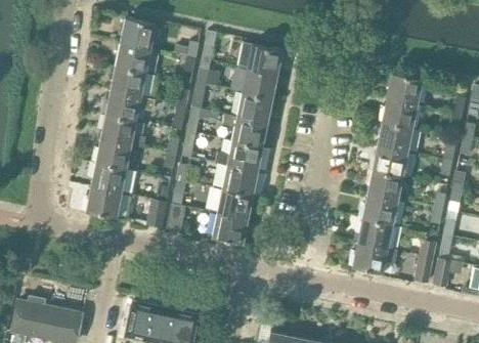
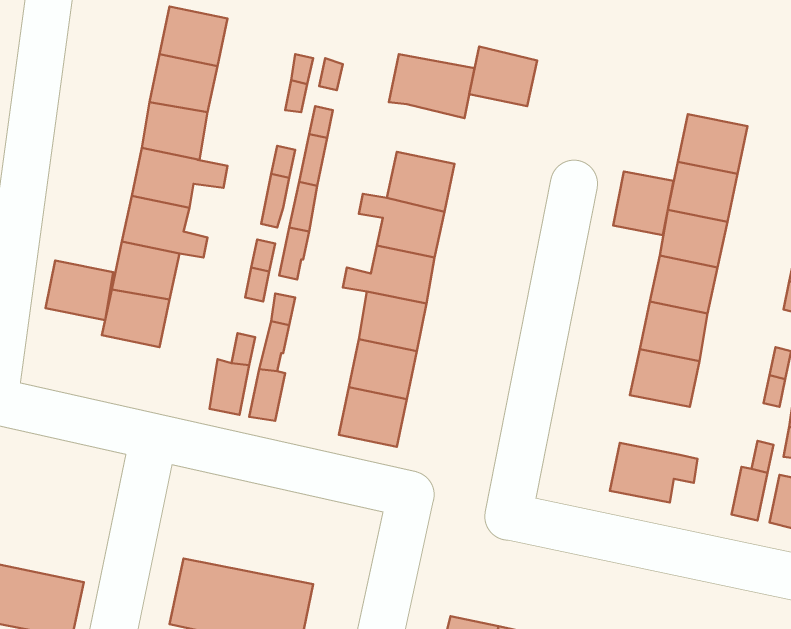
building: [243,69,277,99] -> [469,47,537,106]
building: none -> [613,171,674,235]
building: [86,187,121,218] -> [45,260,113,320]
building: [357,218,393,249] -> none

